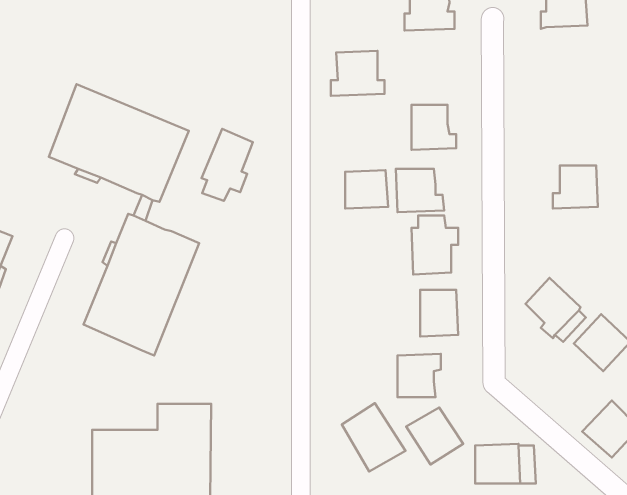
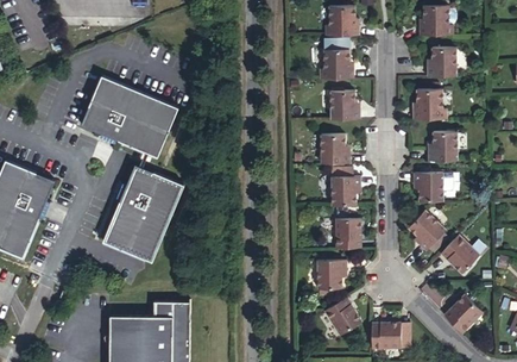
building: none -> [424,48,455,77]
building: [331,51,384,96] -> [317,49,354,80]
building: none -> [410,88,447,119]
building: [202,129,253,201] -> none
building: [345,170,388,208] -> none
building: none -> [411,174,441,201]
building: [342,403,405,471] -> none

